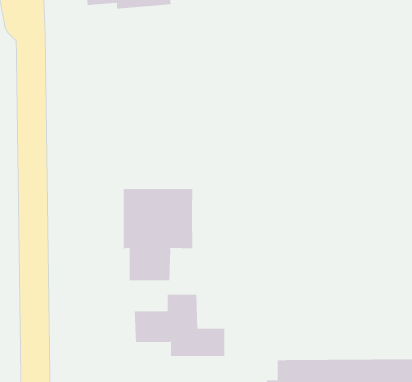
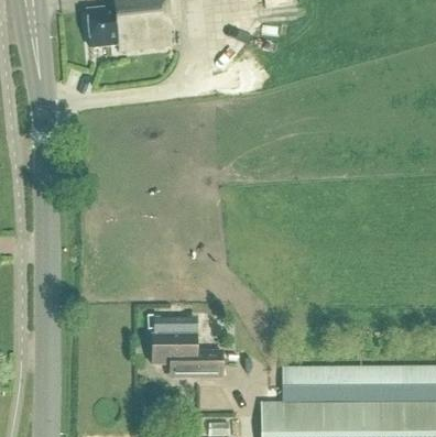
building: [123,188,193,281] -> none

